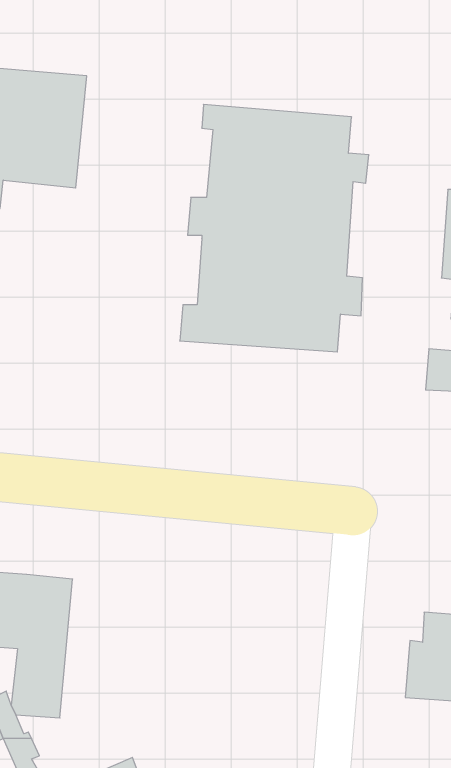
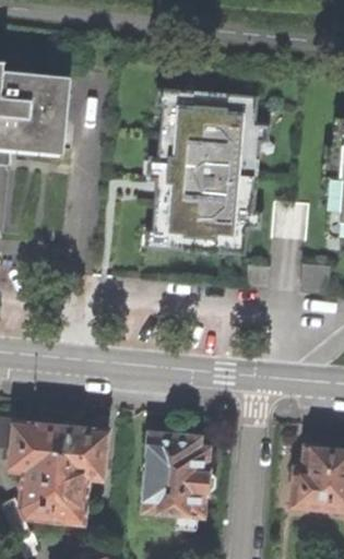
building: none -> [52,424,108,523]
building: none -> [143,433,216,530]

